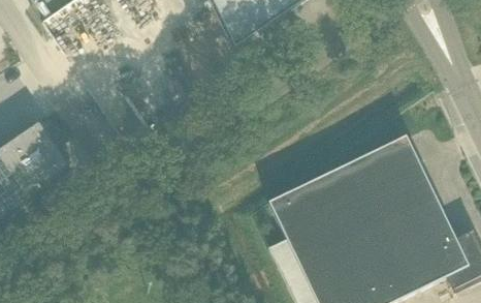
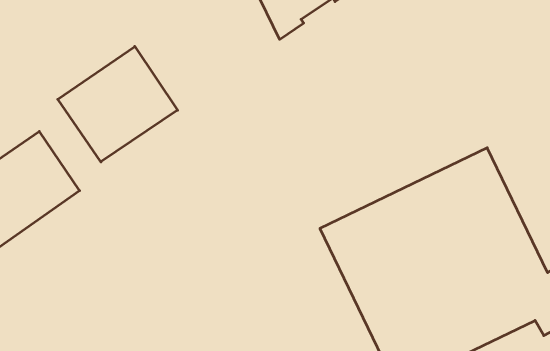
building: none -> [58,46,178,162]

